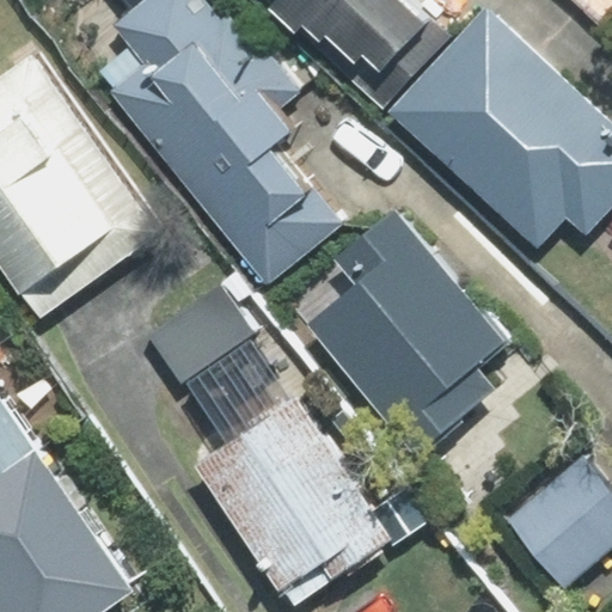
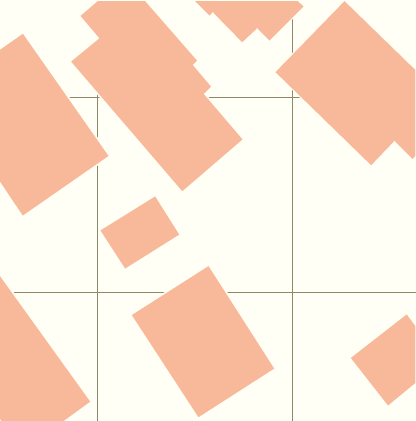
building: [302,208,507,457] -> none

